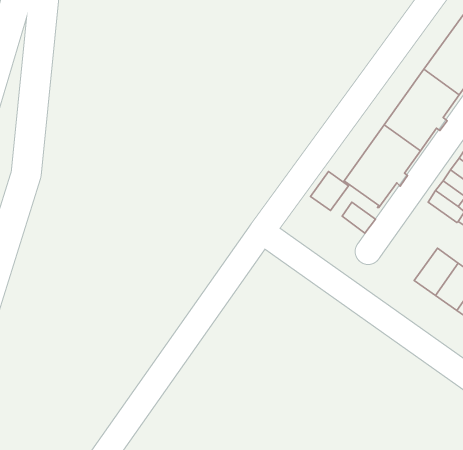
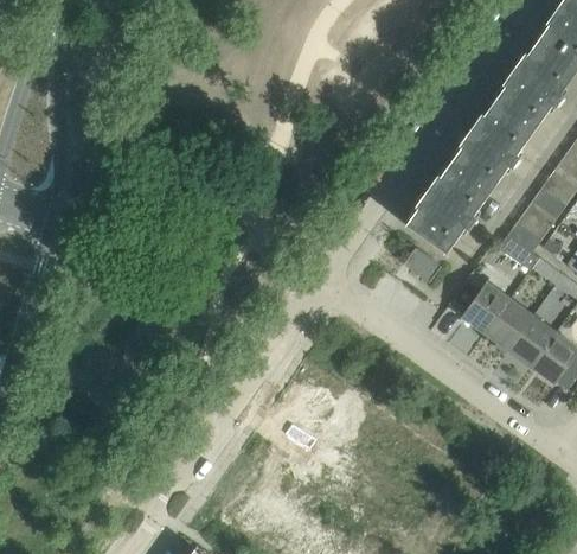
building: [311,171,348,211] -> none
building: none -> [448,281,509,335]

